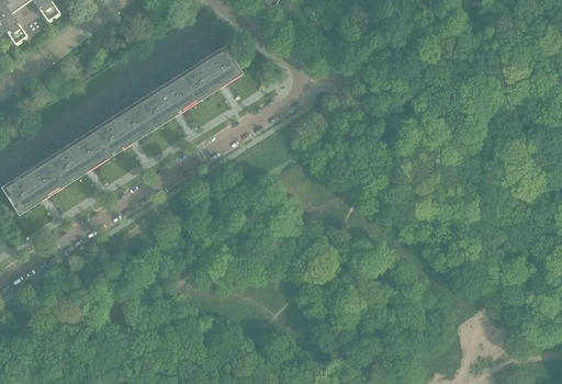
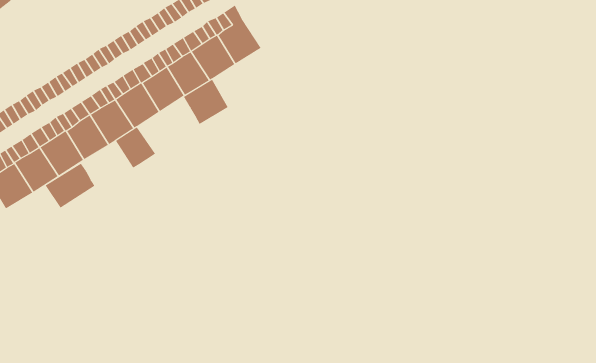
building: none -> [183,79,228,125]
building: none -> [115,127,155,169]
building: none -> [45,163,95,209]

